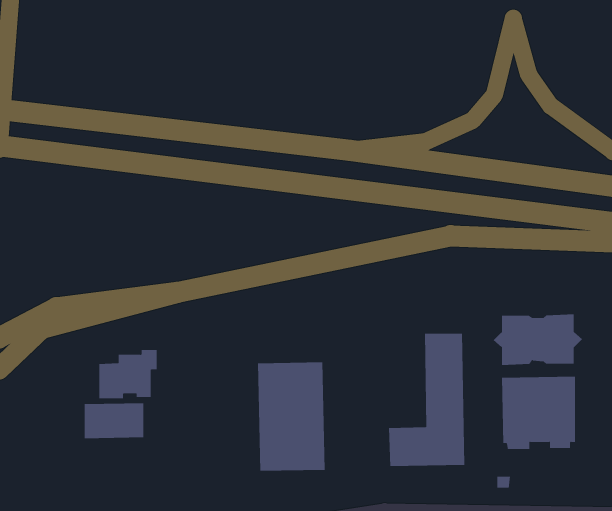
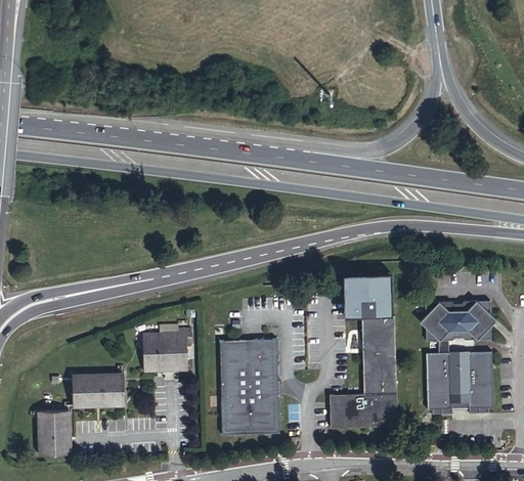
building: none -> [344,274,391,316]
building: [99,350,158,399] -> [143,330,193,371]
building: none -> [38,411,69,455]

